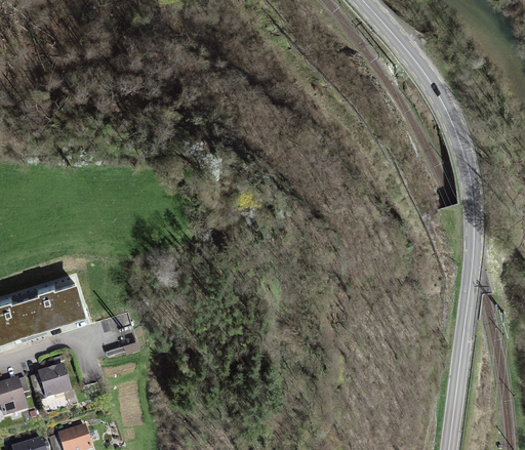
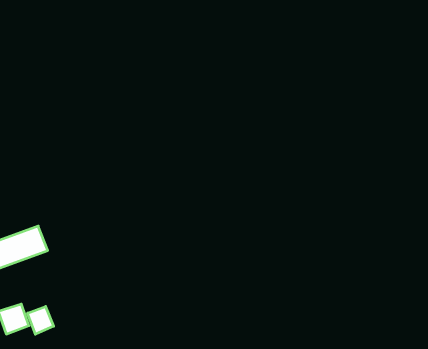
building: none -> [28,306,54,334]

